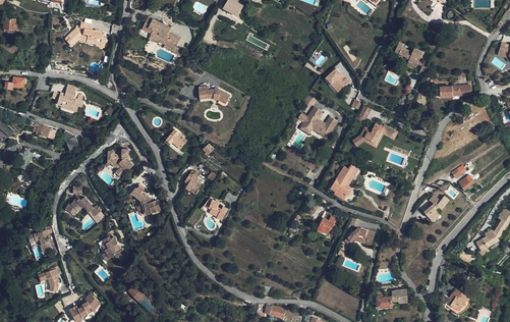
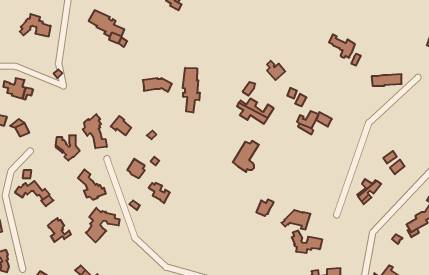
building: none -> [183,68,200,113]
building: none -> [83,114,107,148]
building: [330,165,357,198] -> [233,141,259,172]
building: none -> [86,208,119,242]
building: none -> [292,230,322,253]

